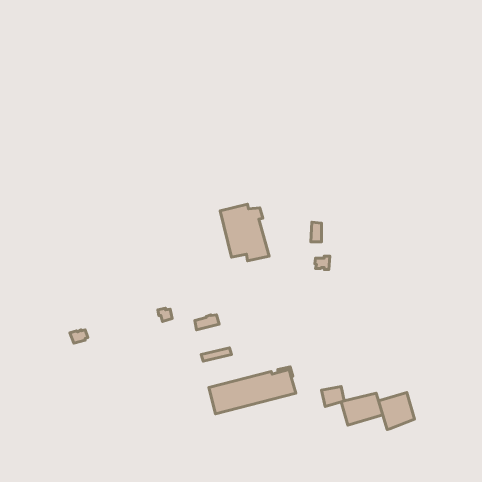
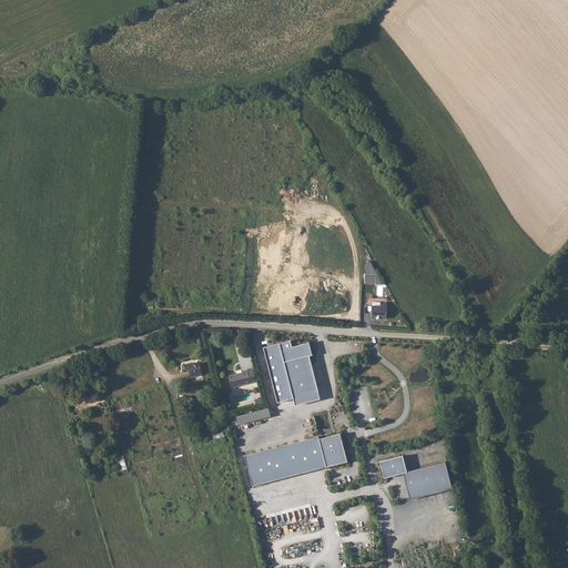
building: [220,204,269,261] -> [262,338,320,405]
building: [379,393,414,429] -> none

